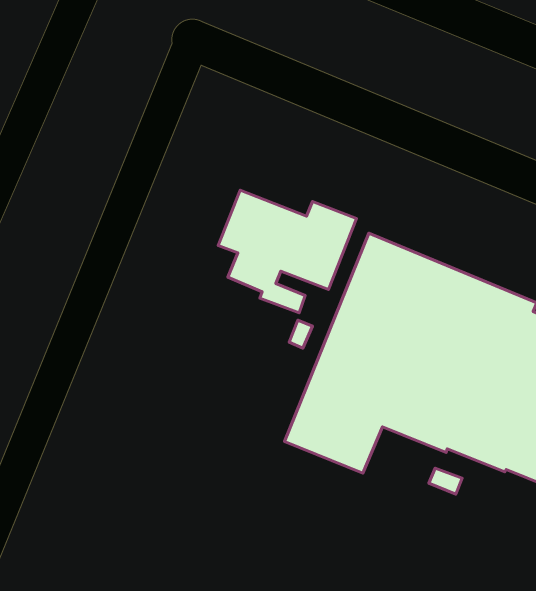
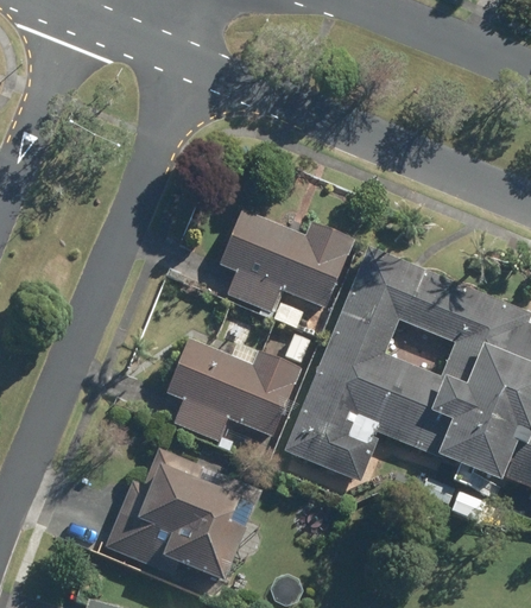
building: none -> [167,338,302,439]
building: none -> [106,452,254,584]

